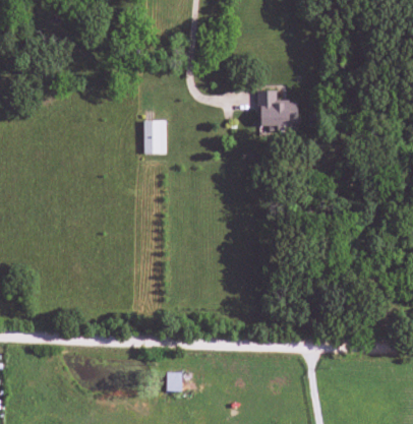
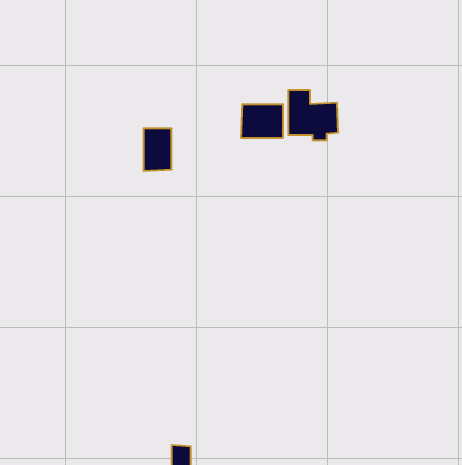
building: none -> [241,104,283,138]

